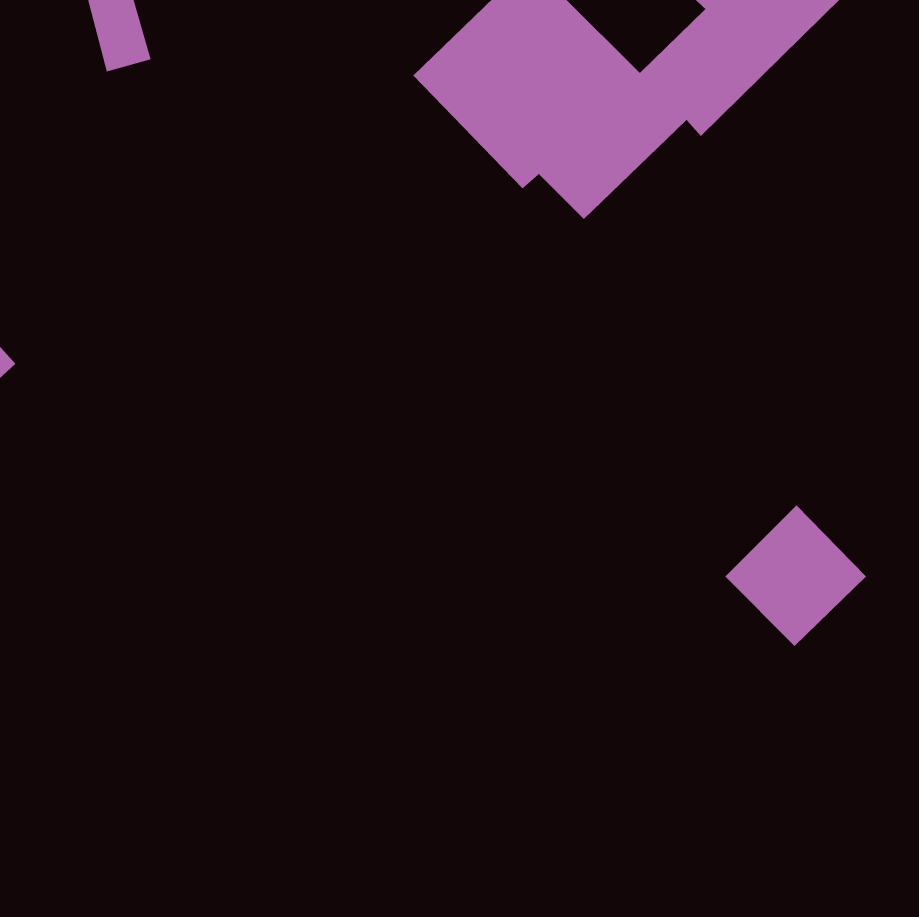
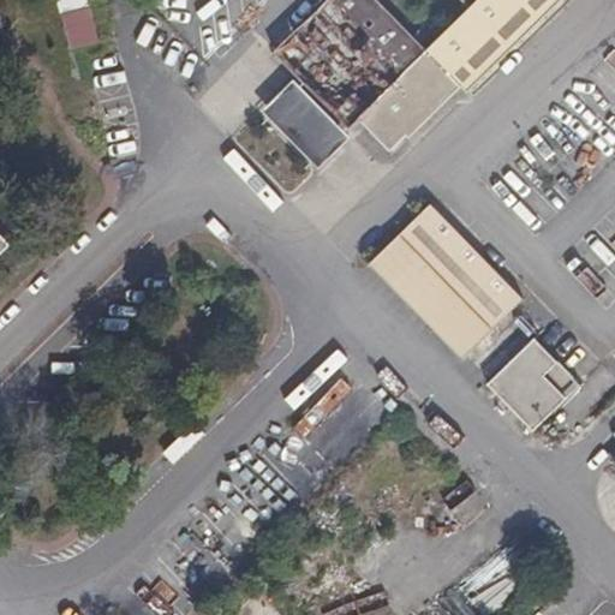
building: none -> [262,79,351,167]
building: none -> [370,204,523,357]

